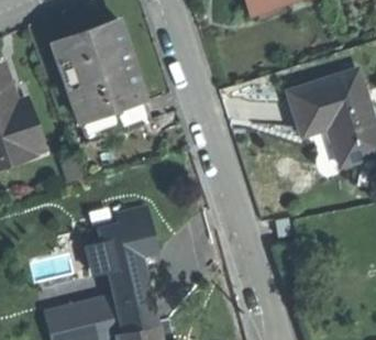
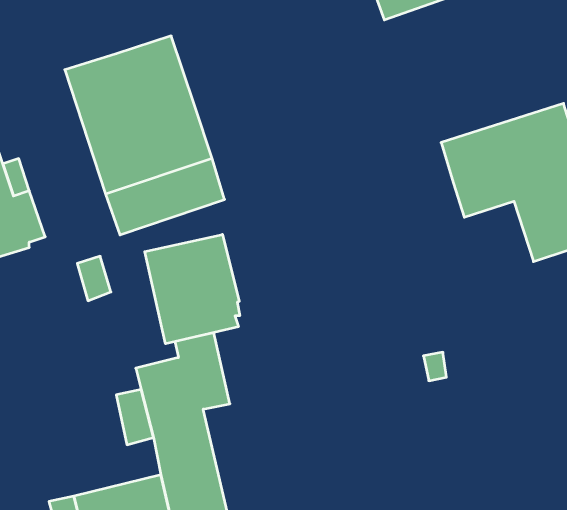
building: none -> [145,234,240,344]

